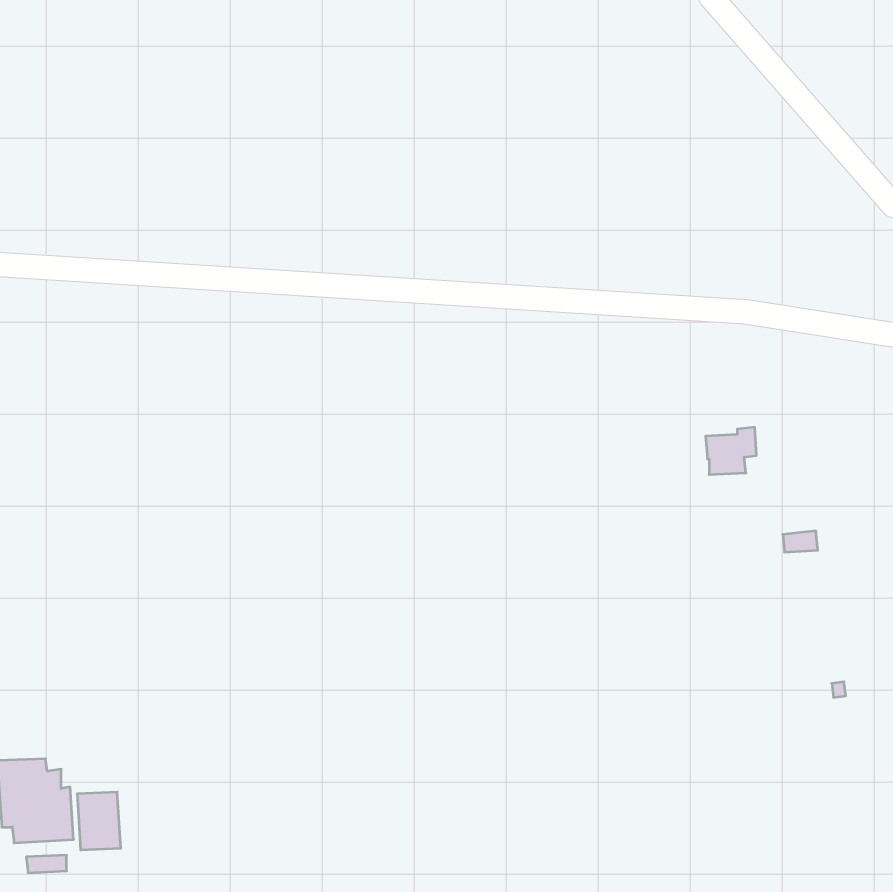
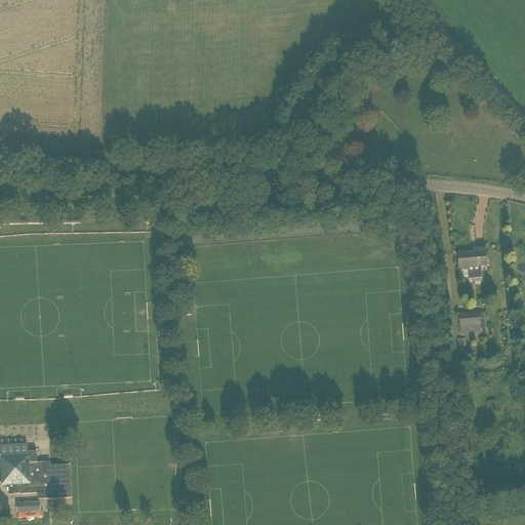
building: [706,427,756,475] -> [456,247,486,275]

